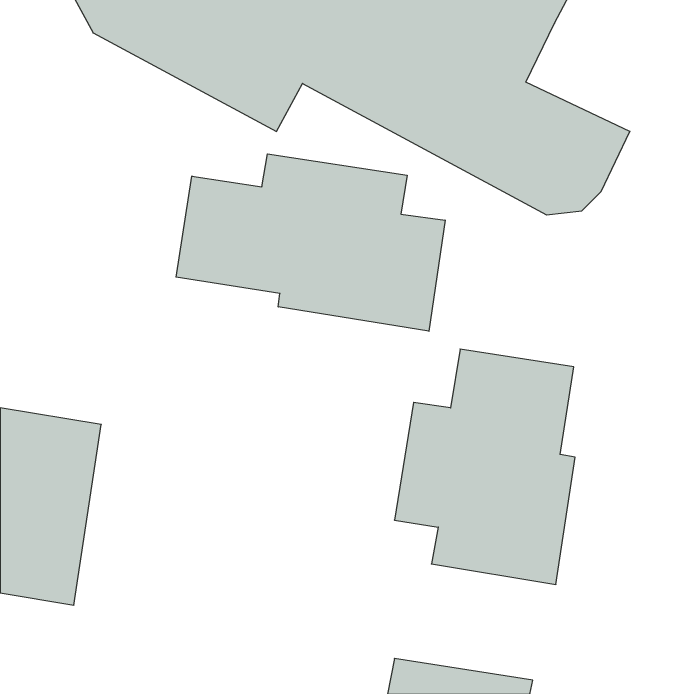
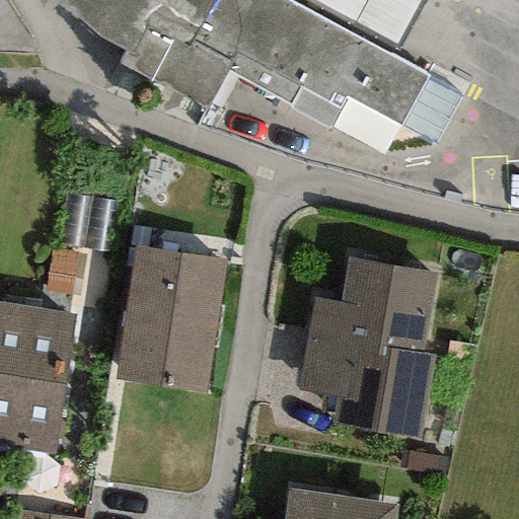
building: [176,154,445,331] -> none
building: none -> [109,244,229,391]

